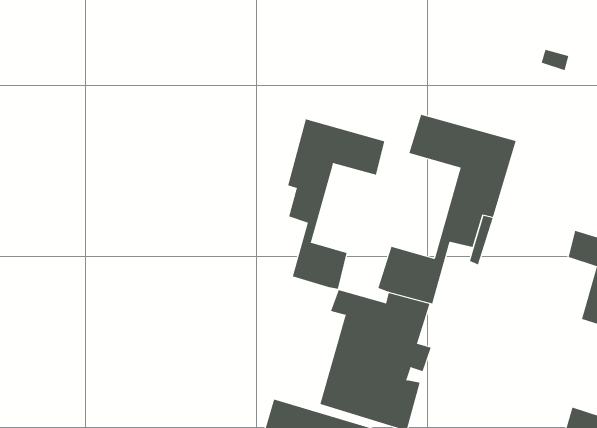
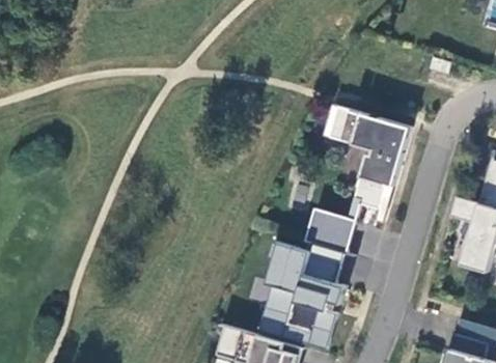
building: [287,119,385,289] -> none

